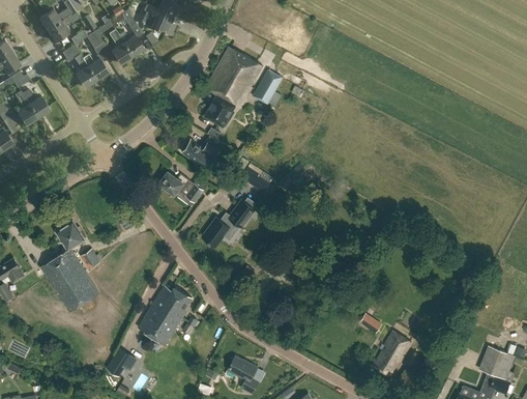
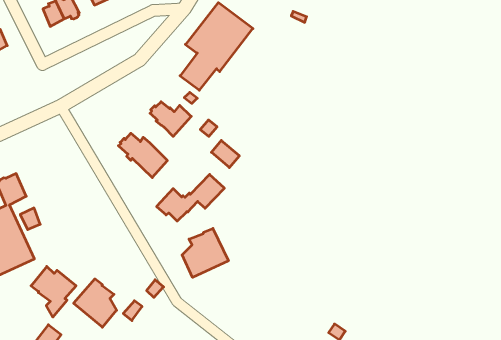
building: [252,68,281,104] -> none
building: none -> [182,228,228,277]
building: [152,284,192,327] -> [31,266,76,317]

